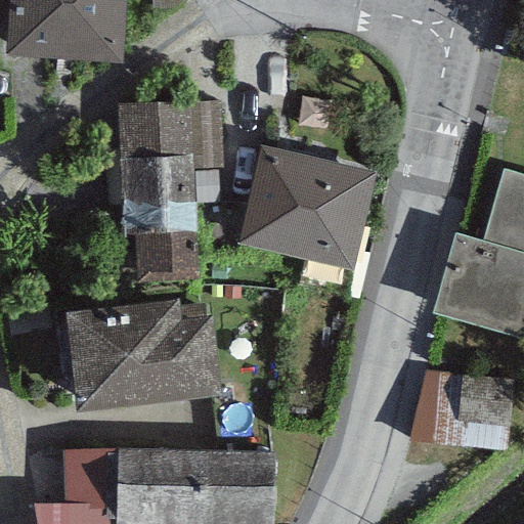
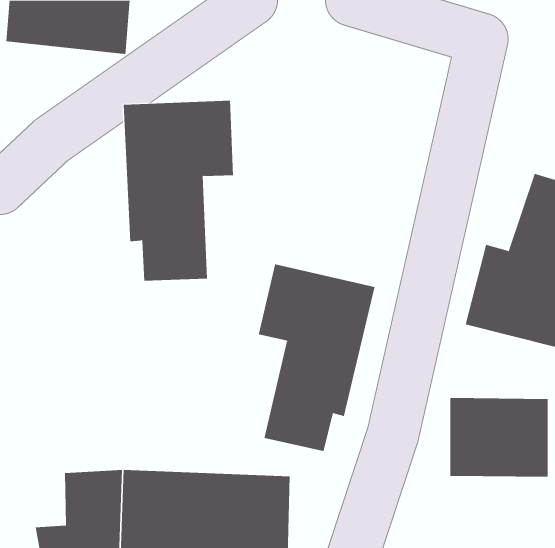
building: [239,149,377,268] -> none
building: none -> [258,264,375,452]
building: [63,293,219,405] -> none

